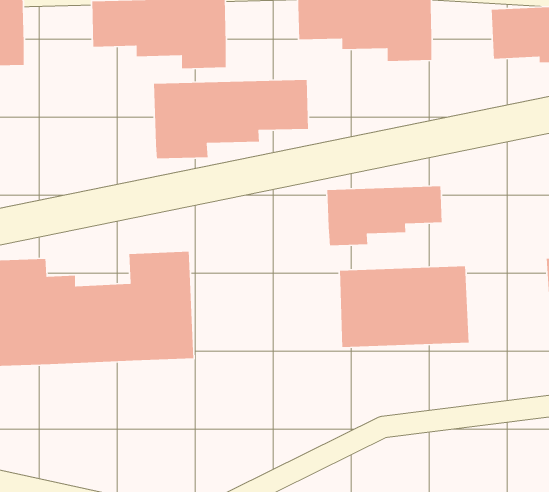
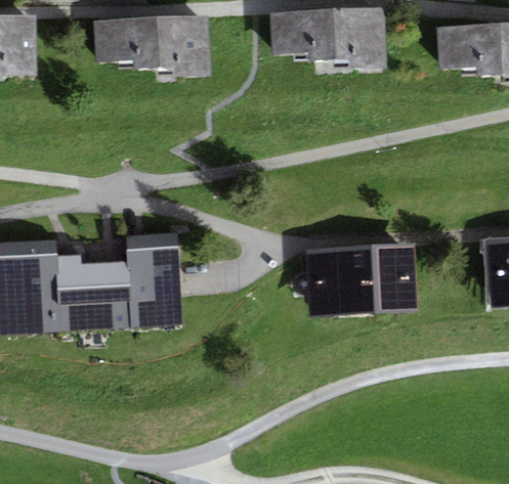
building: [153,79,309,159] -> none
building: [326,185,443,246] -> none

